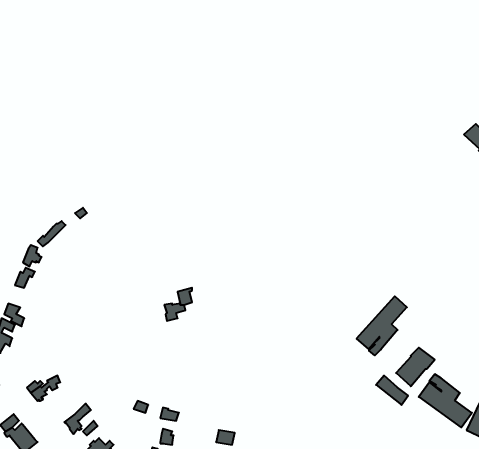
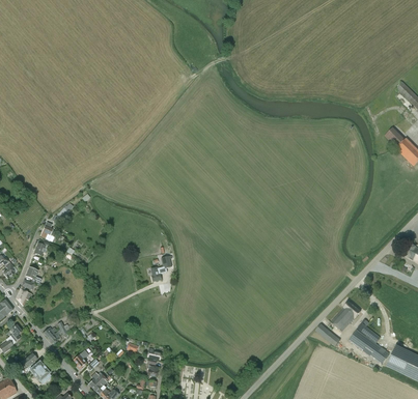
building: [357,296,407,355] -> none

